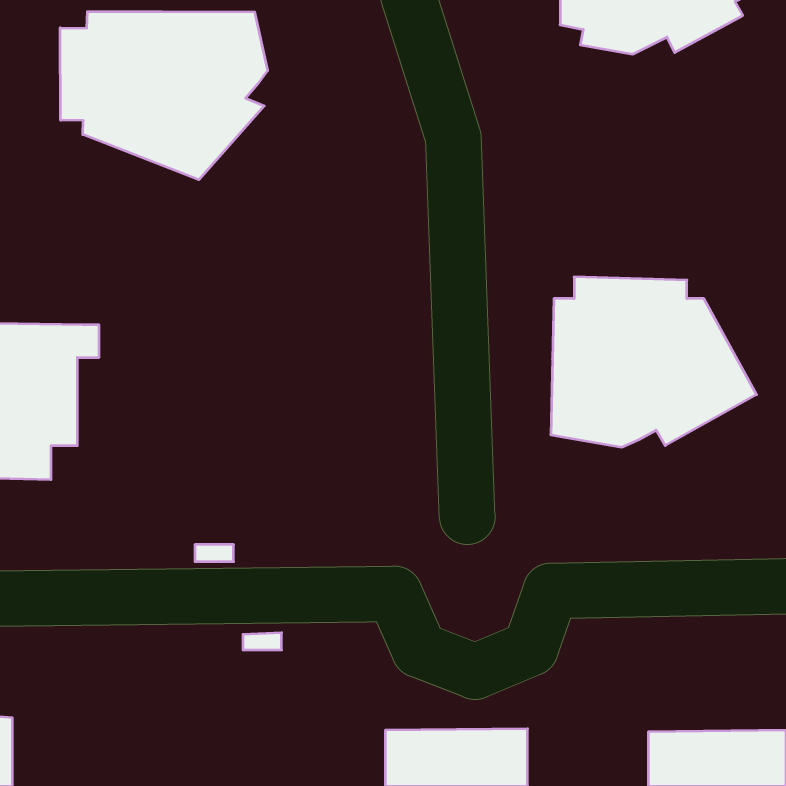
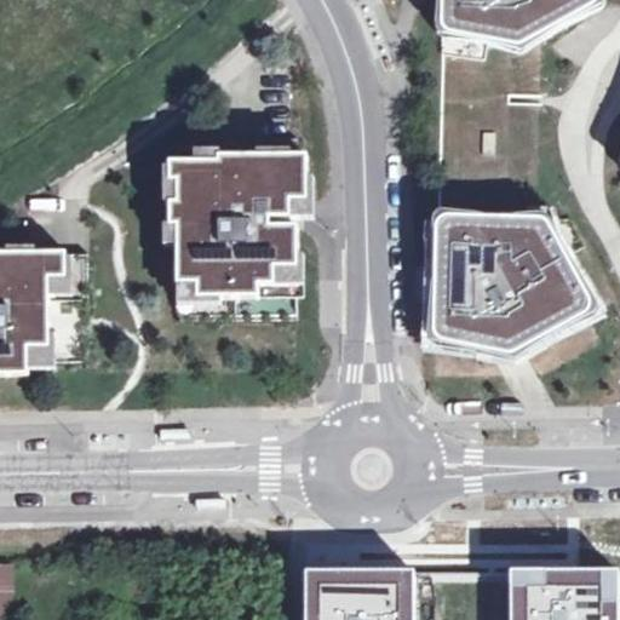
building: [60,12,268,180] -> none
building: none -> [167,138,305,298]

